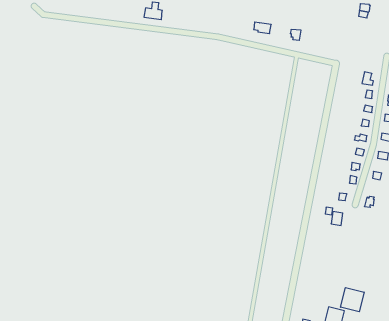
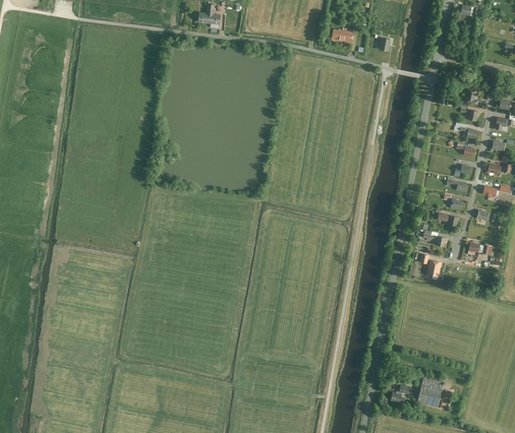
building: [341,288,364,312] -> none

